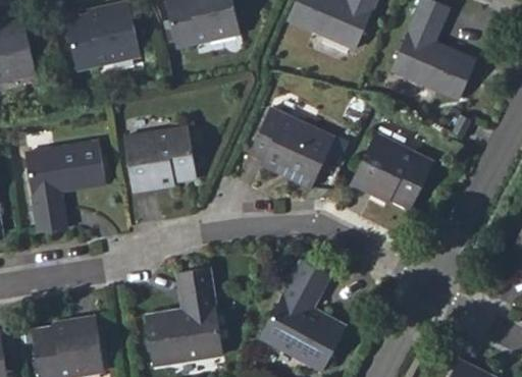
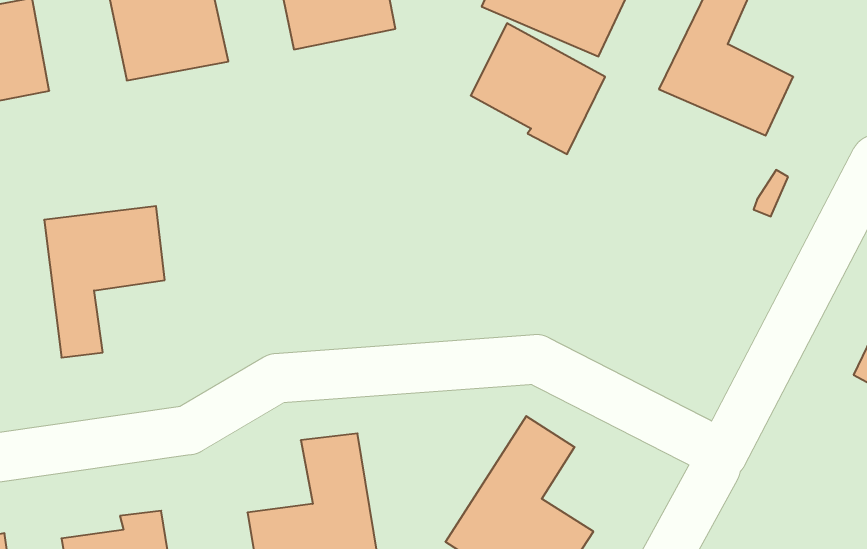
building: [248,112,327,190] -> [471,23,605,154]
building: [121,128,192,192] -> none
building: [342,136,426,210] -> none

